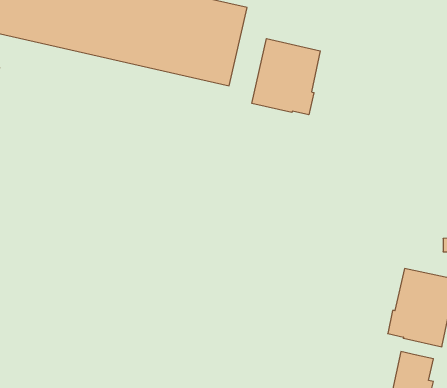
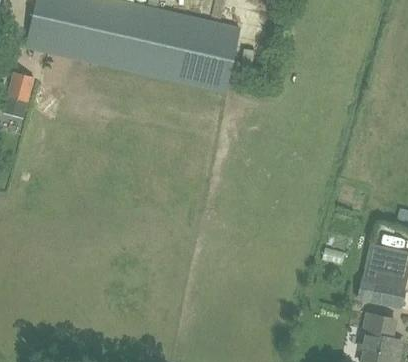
building: [252,39,320,115] -> none

